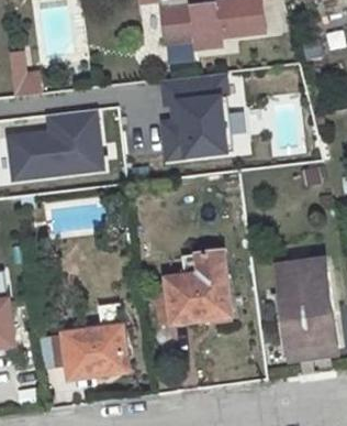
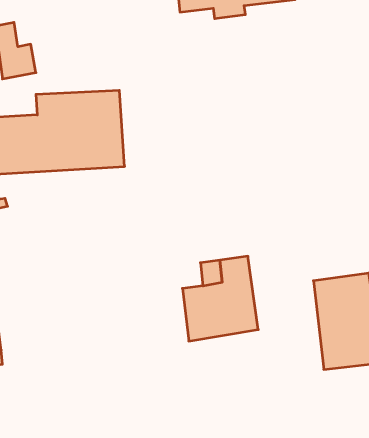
building: [158,75,228,161] -> none
building: [64,327,128,379] -> none

